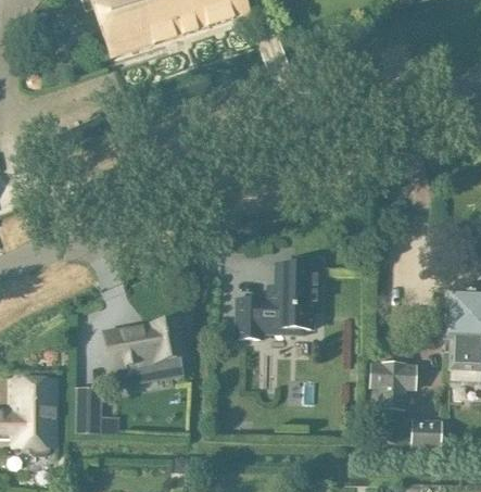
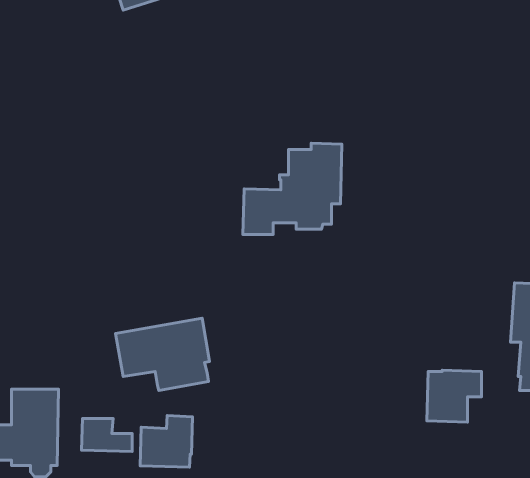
building: [236,258,320,337] -> [243,143,342,234]
building: none -> [140,415,192,467]
building: [413,416,442,445] -> none

